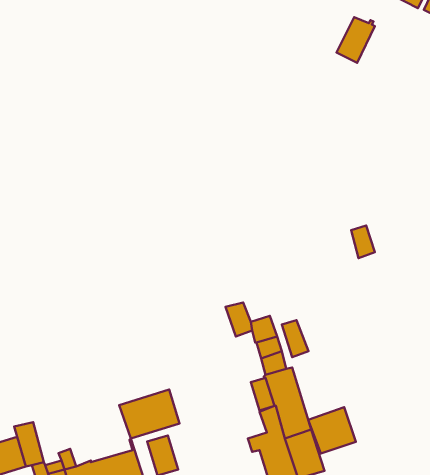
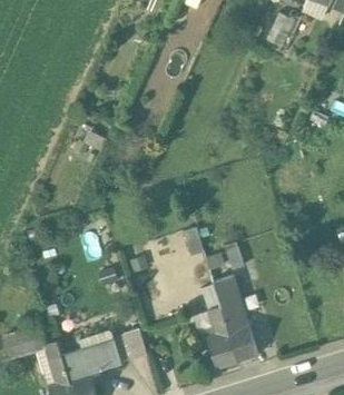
building: [119,389,180,438] -> none
building: [308,407,356,453] -> none

